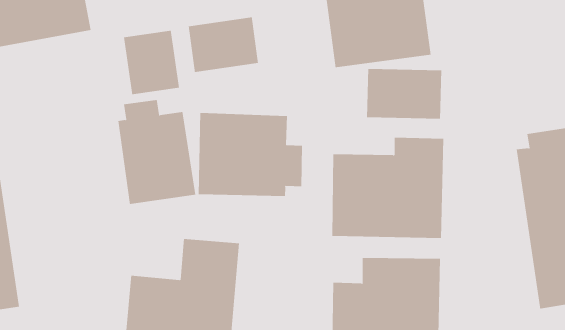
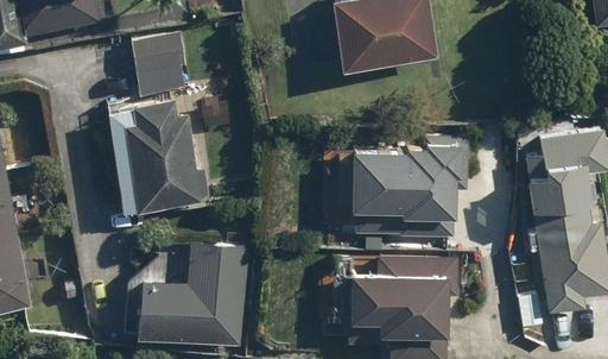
building: [188,17,259,73] -> none
building: [367,68,442,119] -> none
building: [198,112,303,197] -> none

